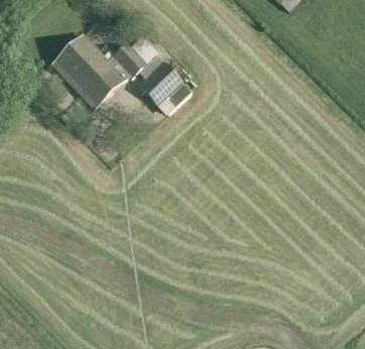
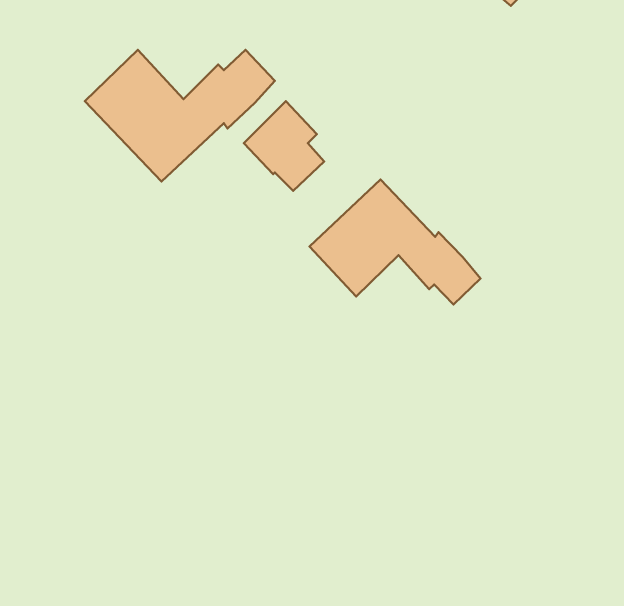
building: none -> [310,179,481,304]

